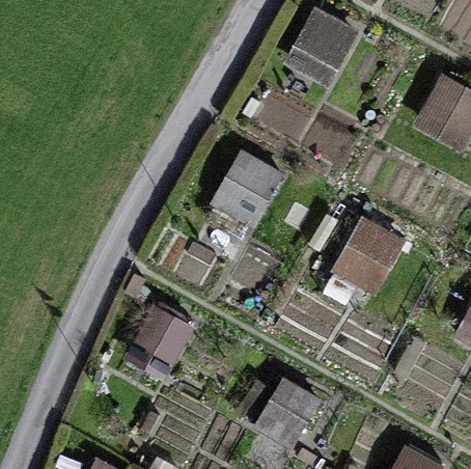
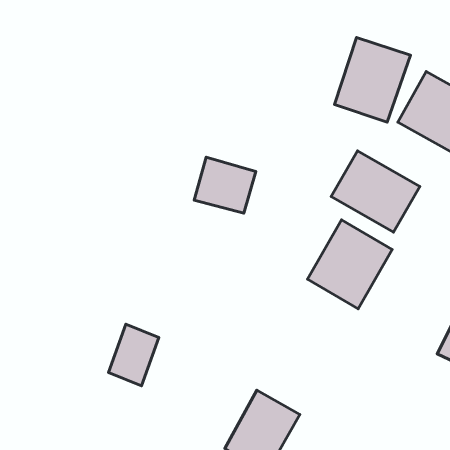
building: [285,10,357,90] -> [334,38,410,122]
building: none -> [331,151,420,232]

